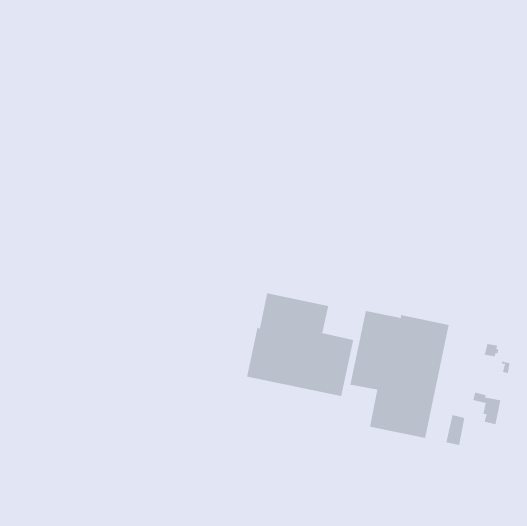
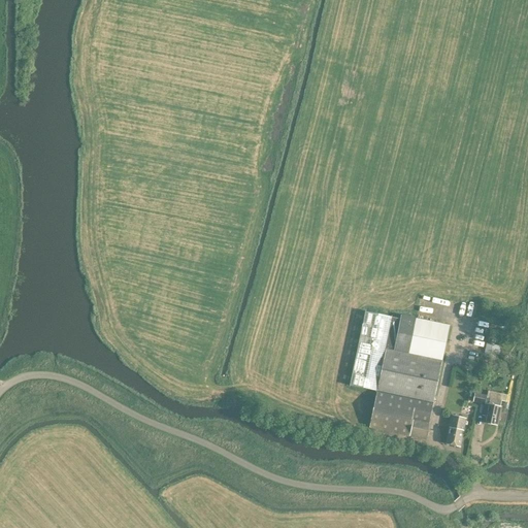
building: [247,293,354,397] -> none

